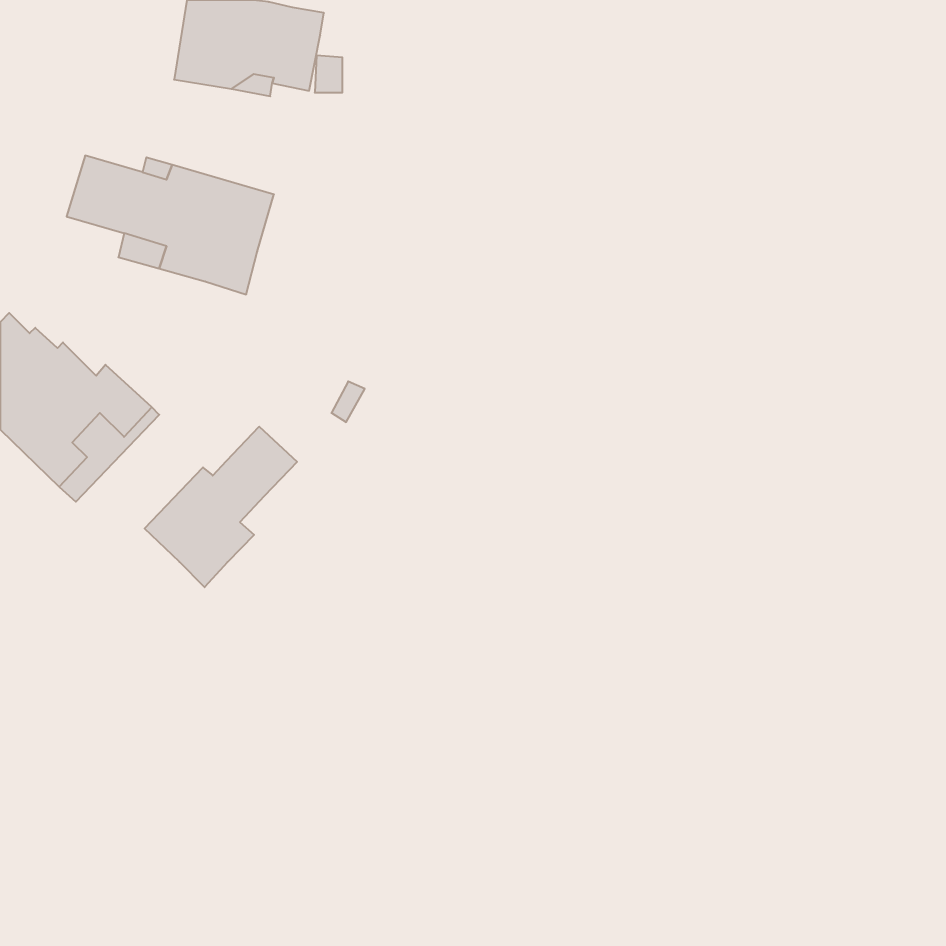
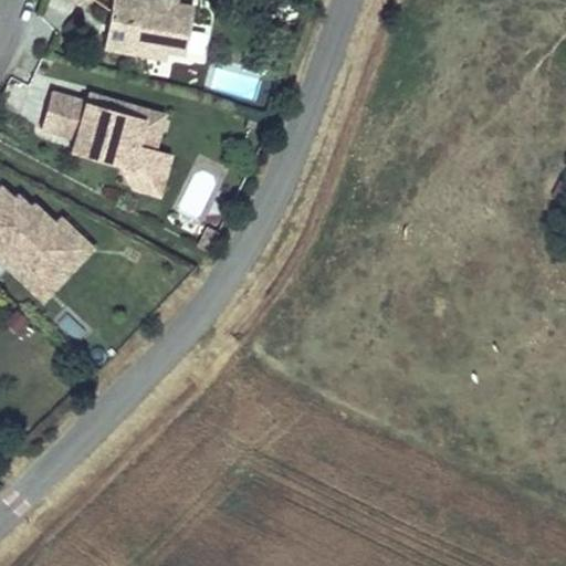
building: none -> [123,150,170,196]
building: [145,427,297,587] -> none

